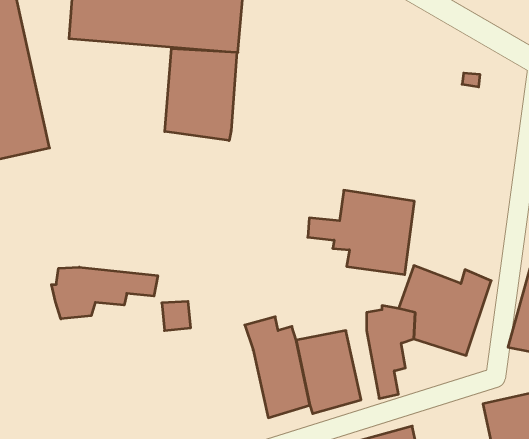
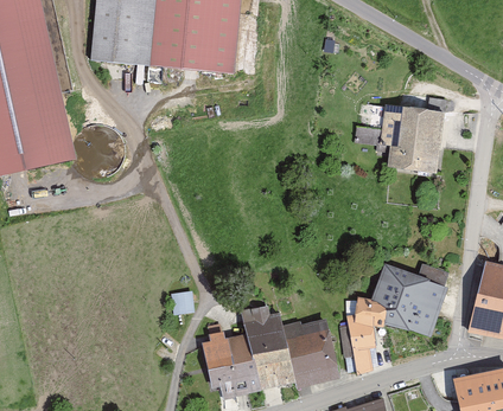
building: [165,48,237,141] -> none
building: [308,190,414,275] -> [354,102,445,174]
building: [51,267,158,319] -> none
building: none -> [200,329,261,398]

